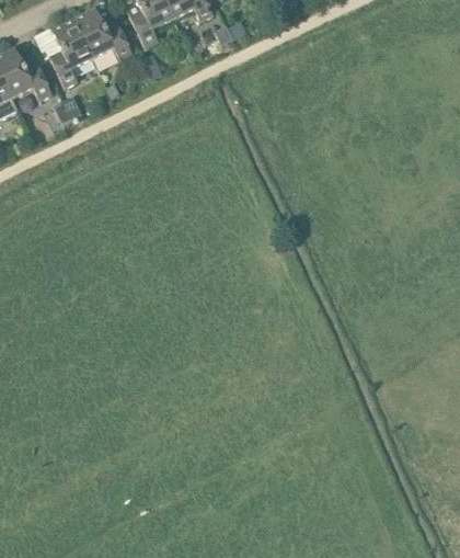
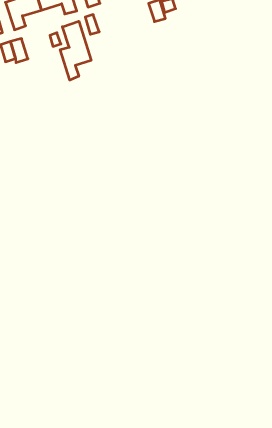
building: none -> [60,21,91,80]

